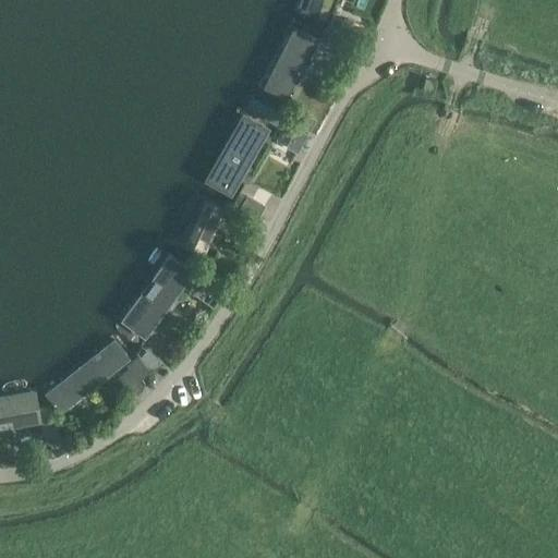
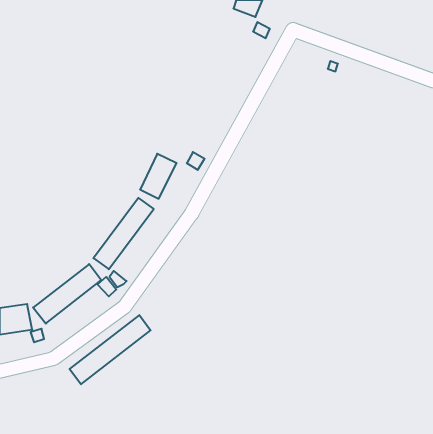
building: [264,25,319,100] -> none
building: [202,109,268,193] -> none
building: none -> [70,315,151,384]

